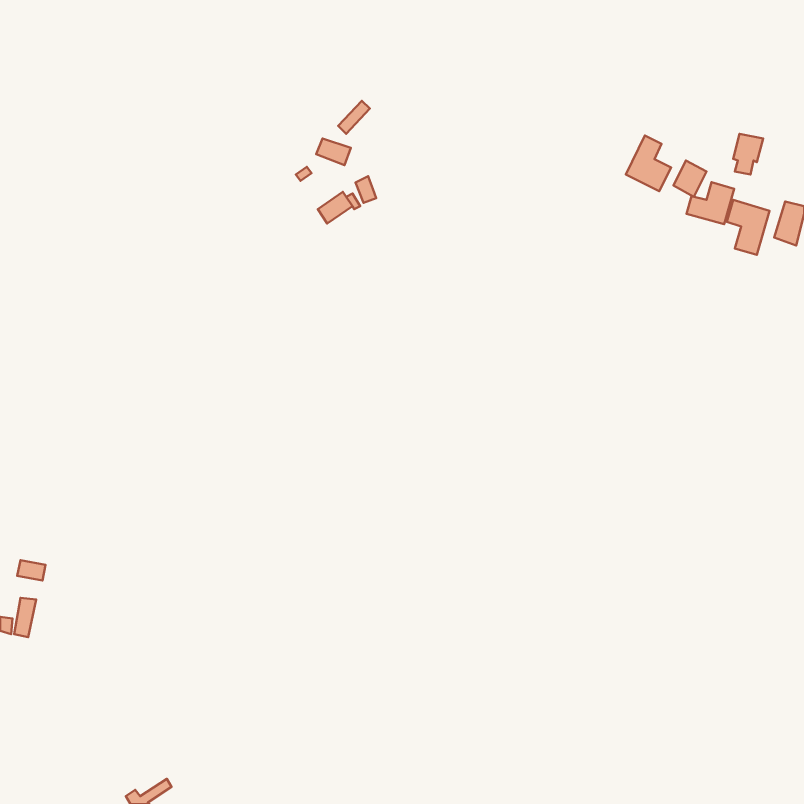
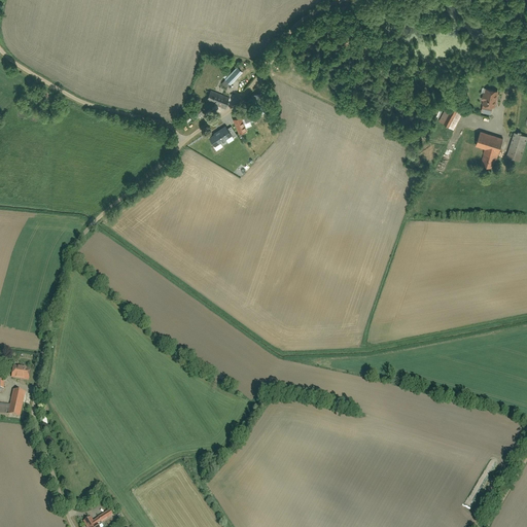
building: [626,135,671,191] -> none
building: [686,182,734,224] -> none

